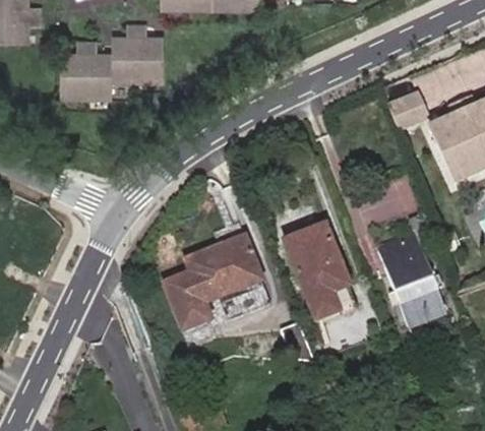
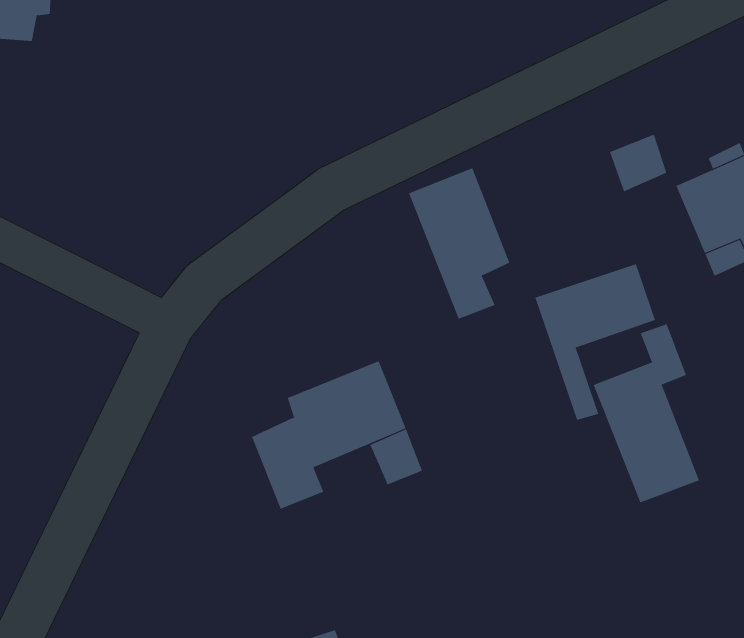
building: [64,20,164,93] -> none
building: [285,228,349,323] -> [408,167,510,320]

